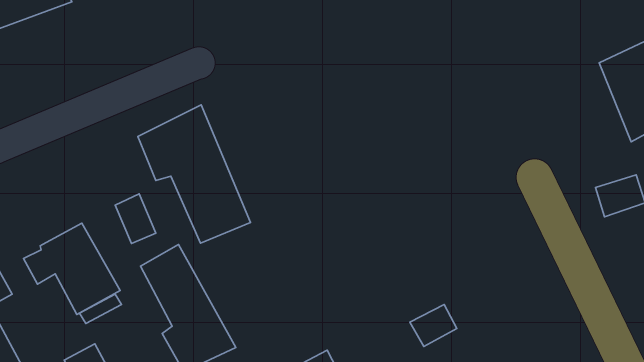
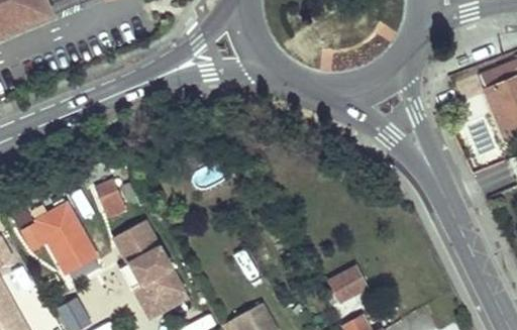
building: [138,105,251,243] -> none

